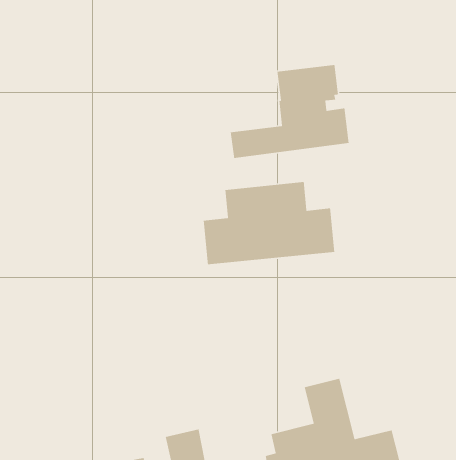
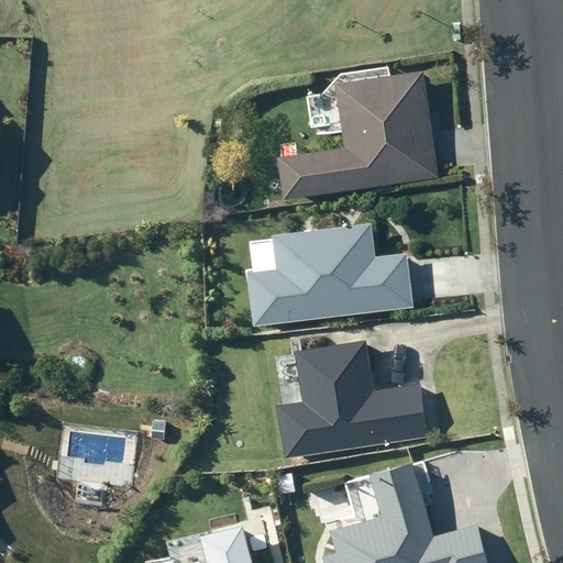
building: none -> [275,340,427,460]

